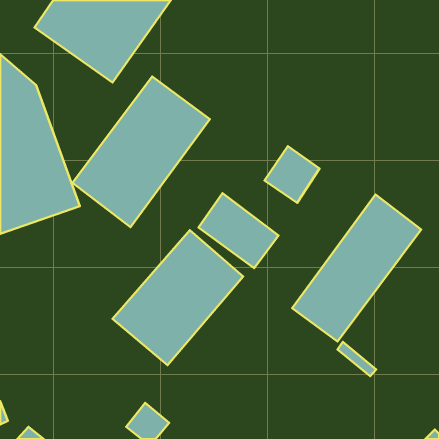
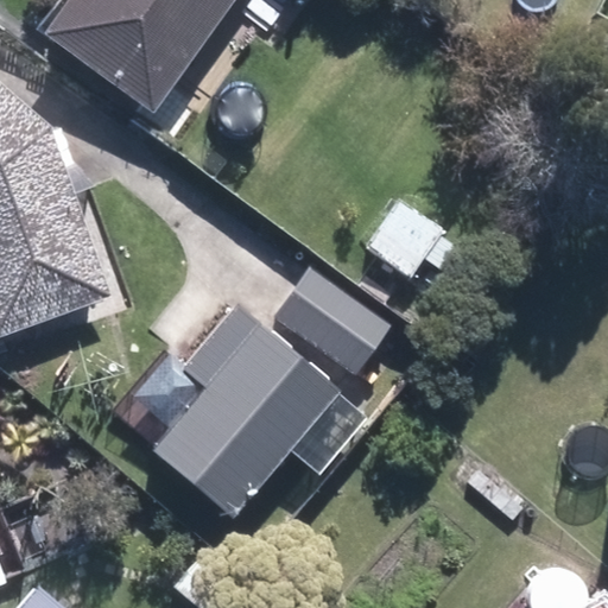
building: [72,77,210,227] -> none
building: [292,194,421,342] -> none

